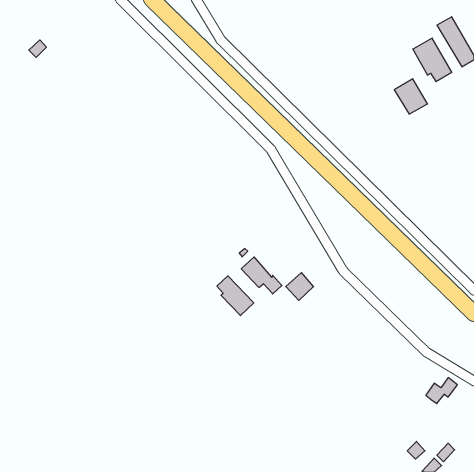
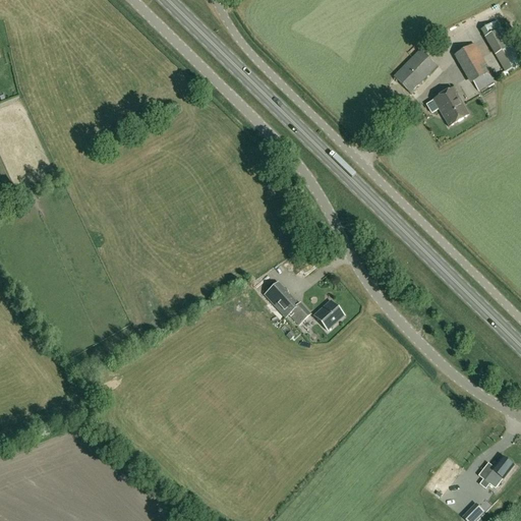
building: none -> [393,49,437,92]
building: [217,276,254,316] -> none
building: [426,378,457,404] -> [479,456,514,484]

